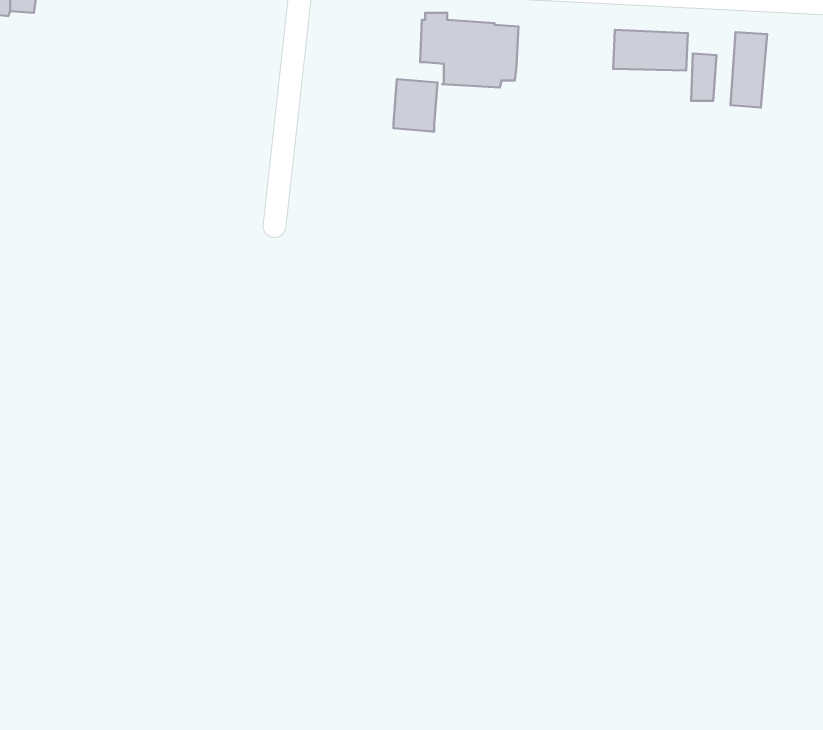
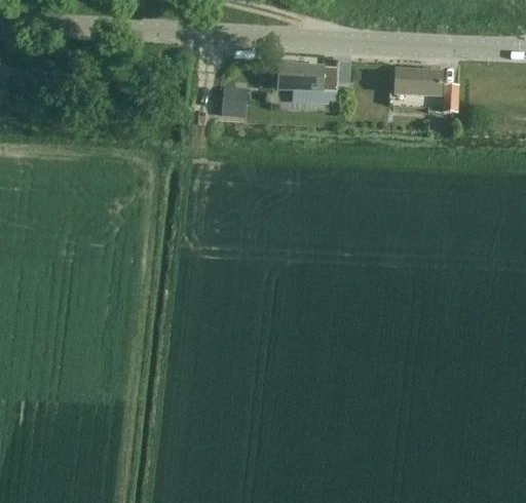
building: [730,32,767,107] -> none
building: [393,79,437,132] -> [220,86,247,118]

